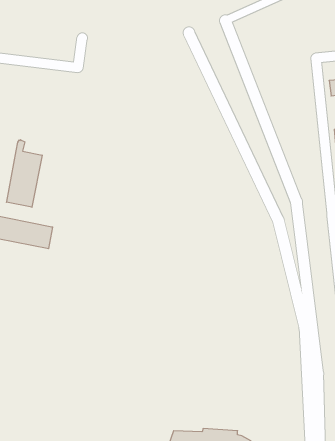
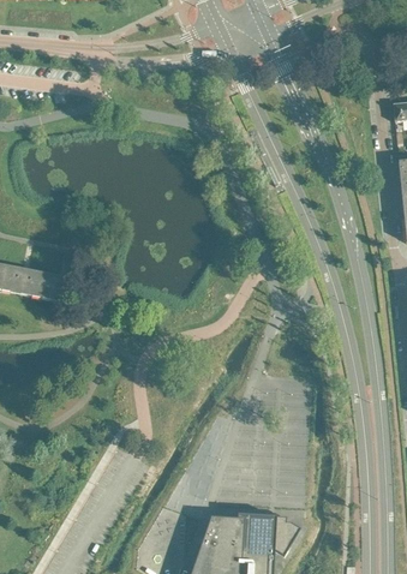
building: [6,140,42,207] -> none

